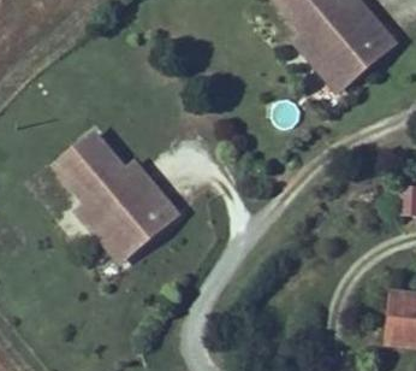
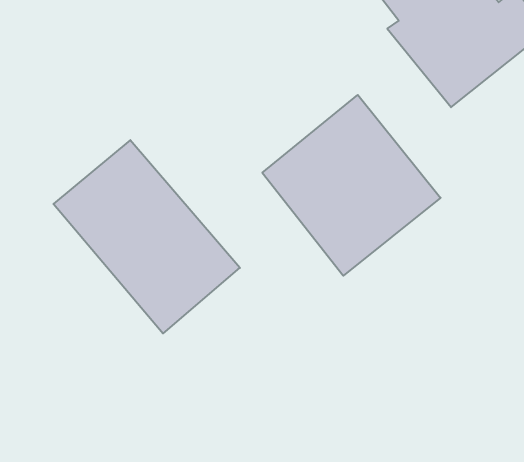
building: none -> [262,95,441,276]

